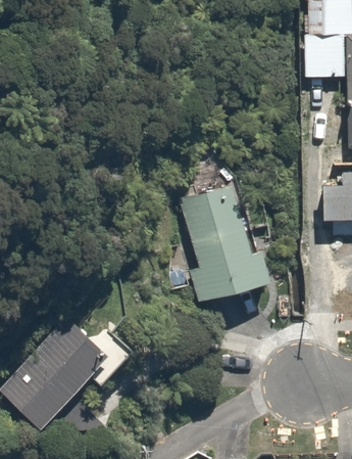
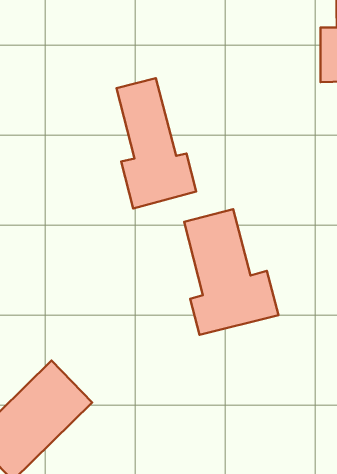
building: none -> [117,78,196,209]

